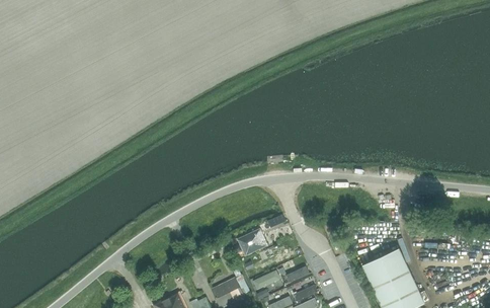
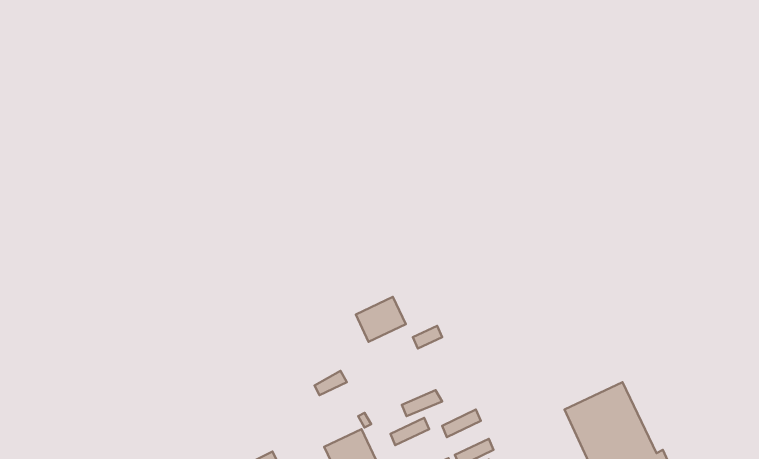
building: [237,227,268,255] -> [356,297,406,342]

